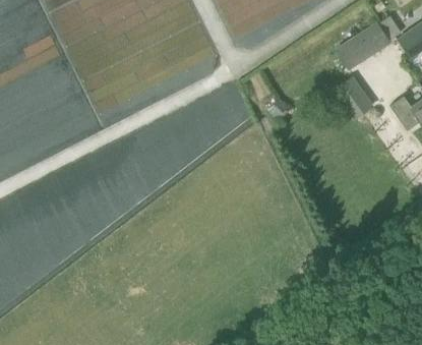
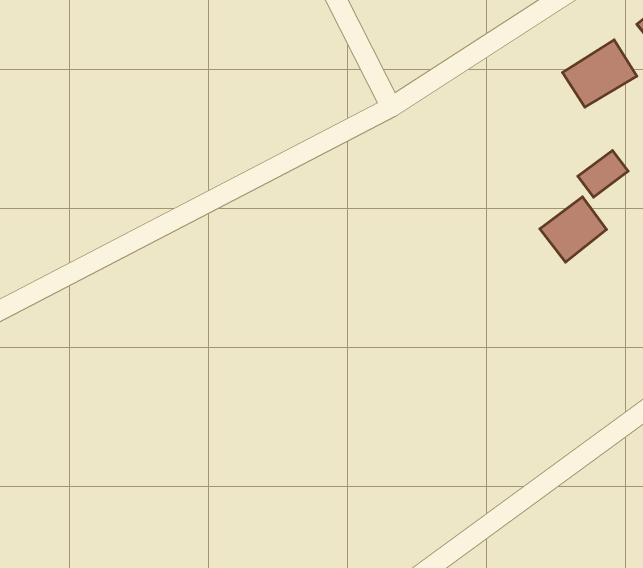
building: none -> [540,197,607,262]

